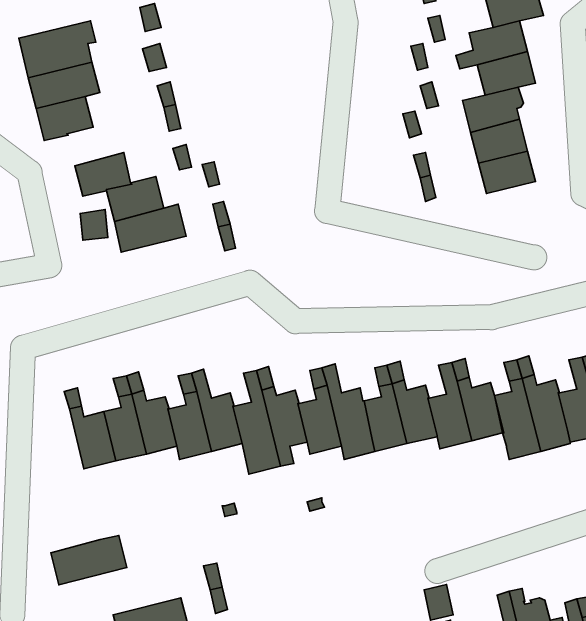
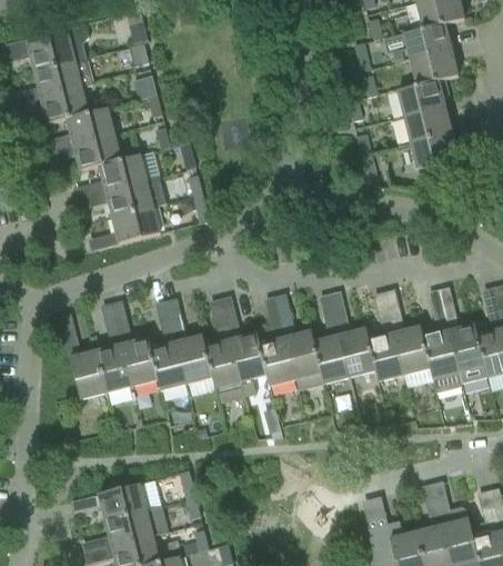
building: none -> [66,108,113,145]
building: none -> [111,207,159,244]
building: [51,536,127,585] -> [98,479,161,520]

